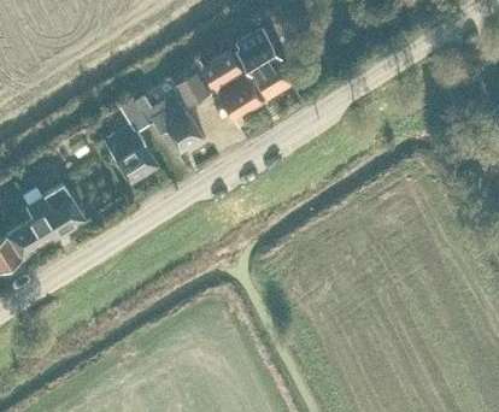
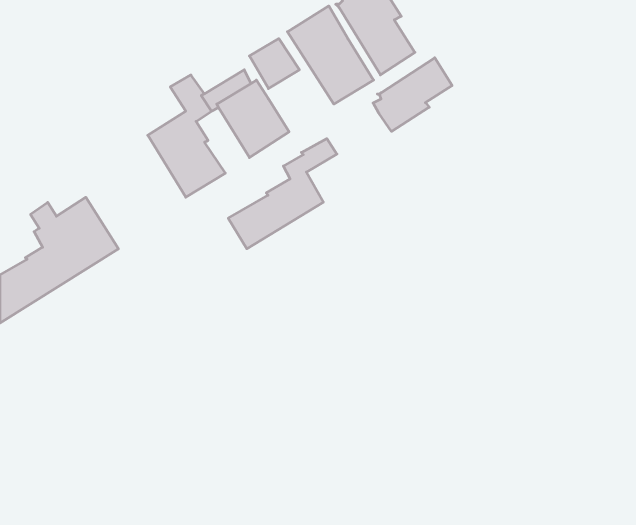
building: none -> [373,58,452,131]
building: none -> [228,139,337,249]

